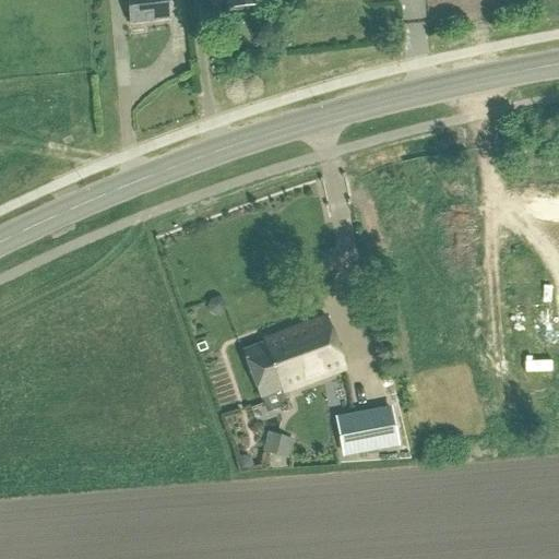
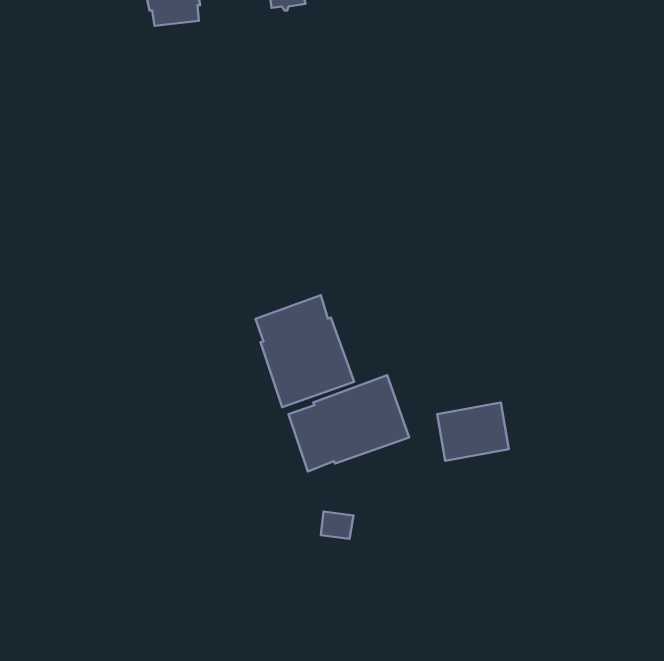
building: none -> [256,295,354,407]
building: [336,406,396,455] -> [437,402,509,461]

